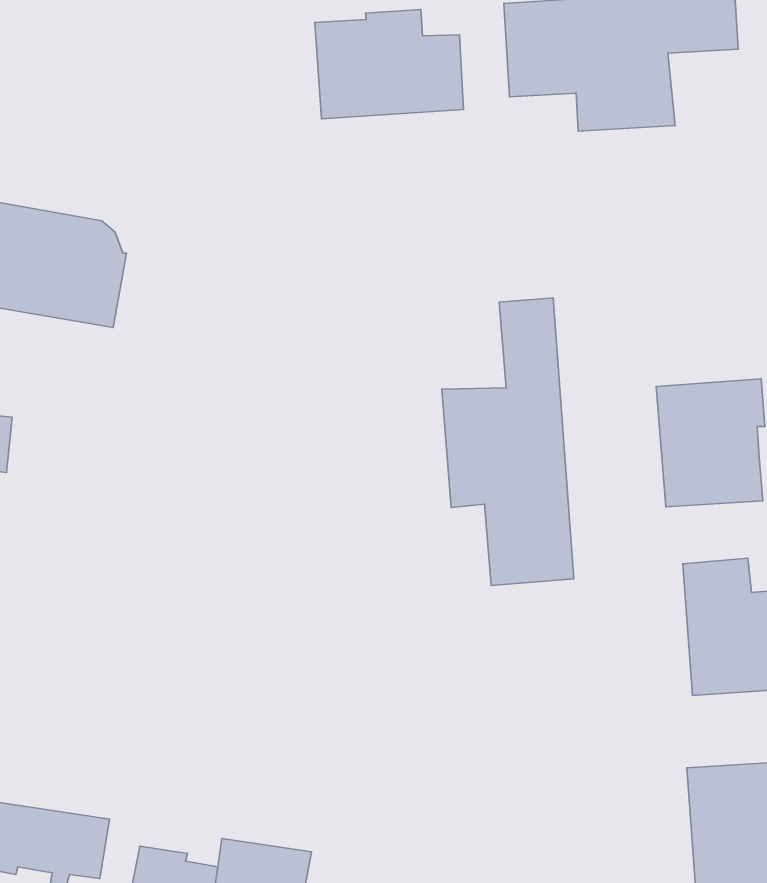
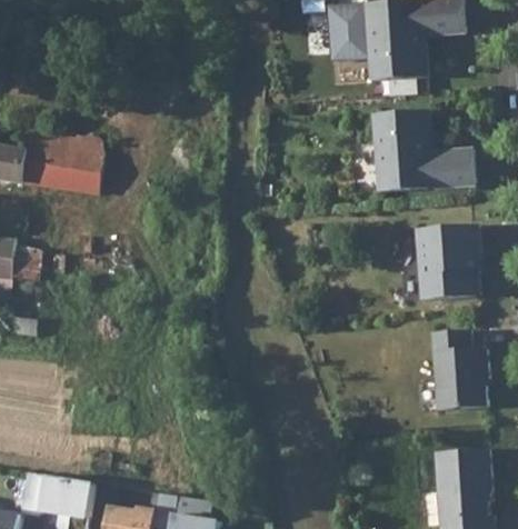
building: [315,9,463,119] -> none
building: none -> [372,111,474,192]
building: [442,298,574,585] -> none

